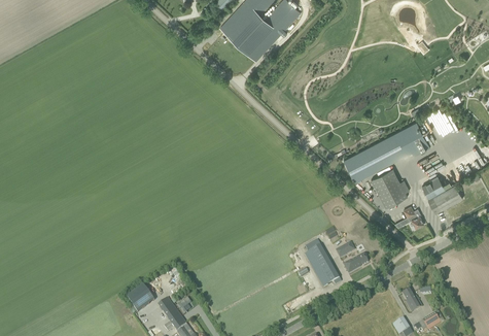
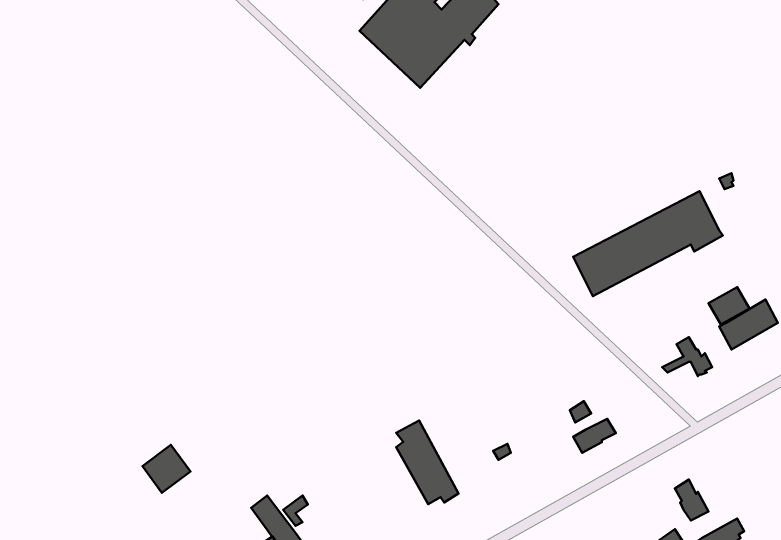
building: [371,168,410,208] -> none
building: [305,239,341,288] -> [396,421,458,504]
building: [127,284,154,312] -> [142,445,190,493]

